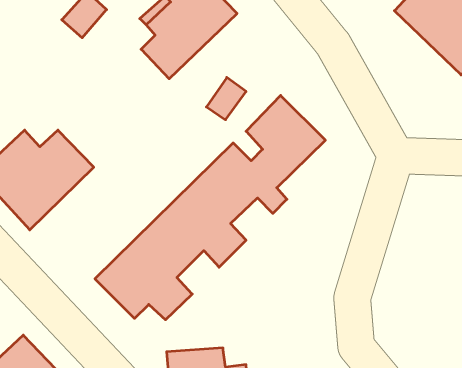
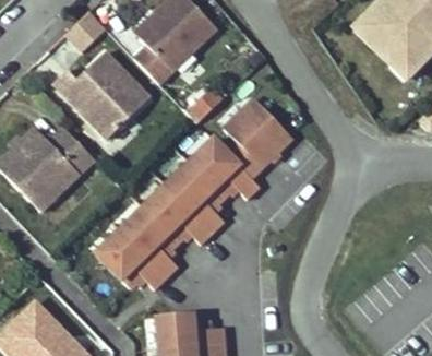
building: none -> [52,50,148,138]

